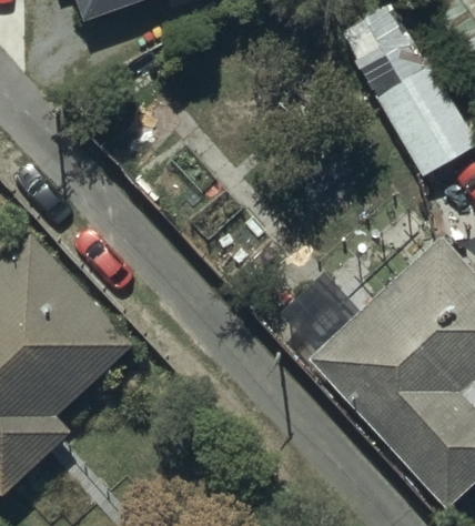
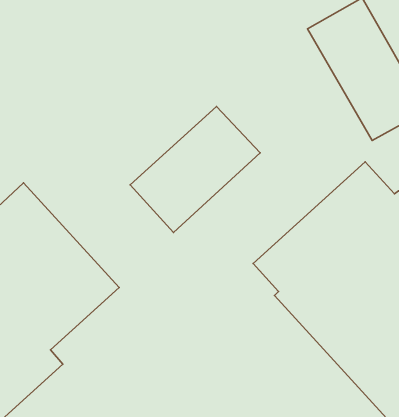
building: none -> [130,106,260,232]

